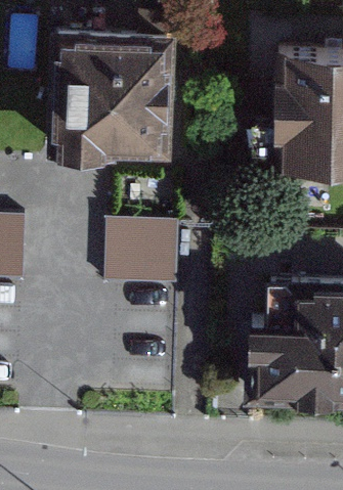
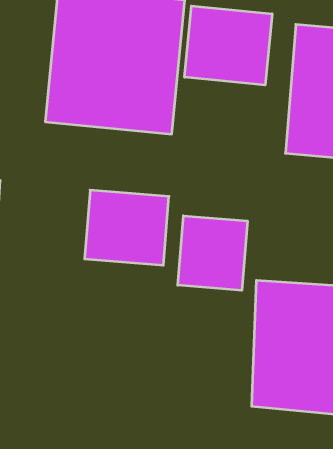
building: none -> [185,6,272,85]
building: none -> [178,216,247,290]

